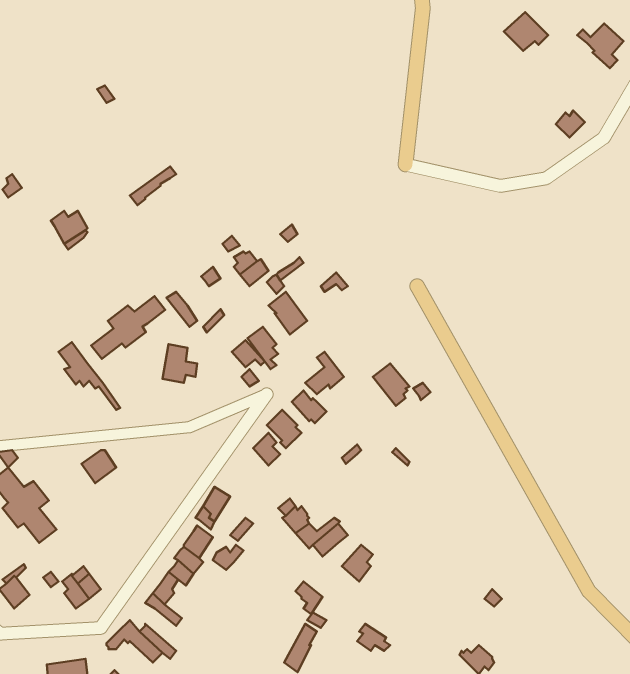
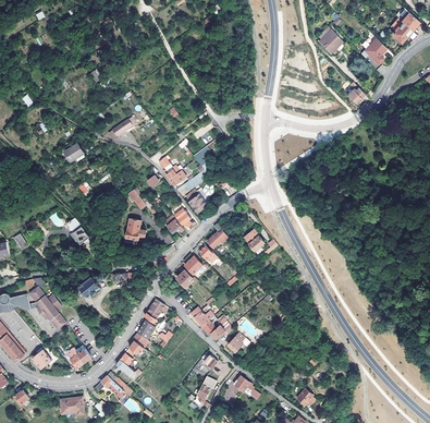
building: [91,296,165,359] -> none

